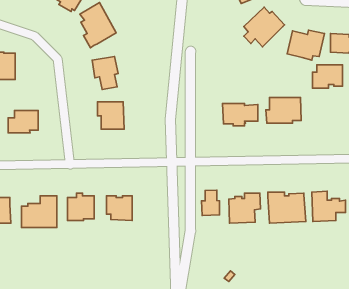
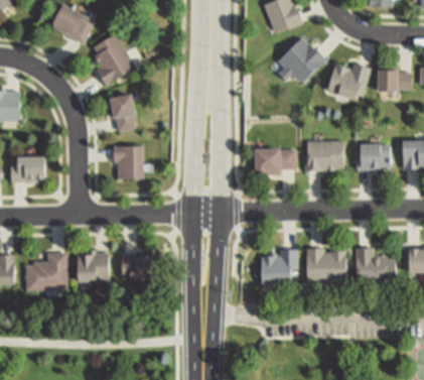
building: [313,65,343,88] -> [356,144,390,170]
building: [202,190,220,215] -> none

